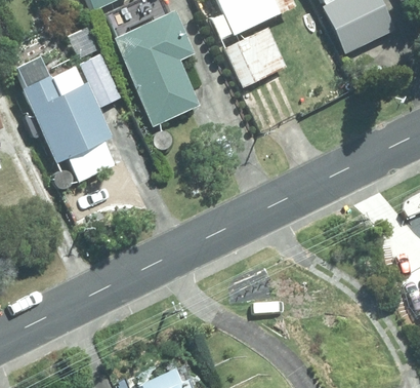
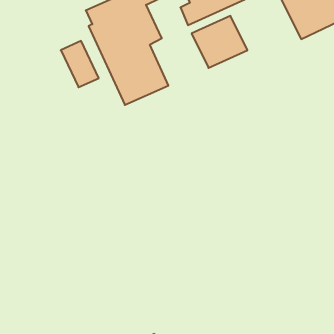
building: [24,75,117,181] -> none

